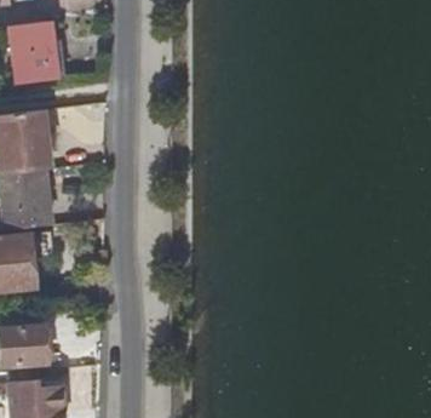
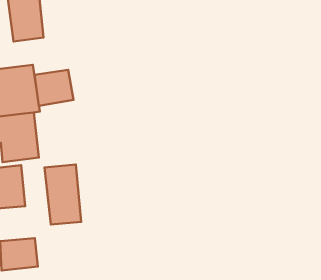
building: none -> [35,70,73,106]
building: none -> [45,165,81,225]

